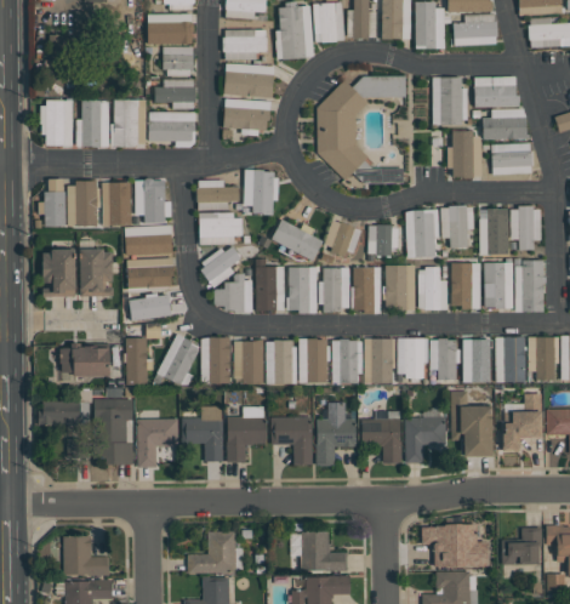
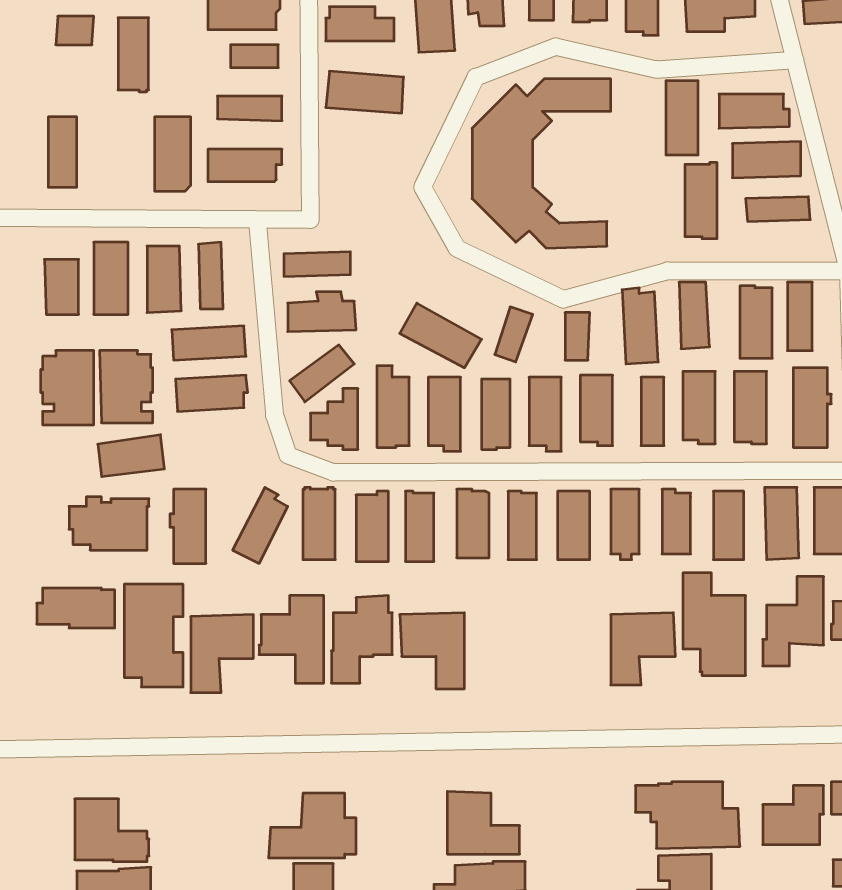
building: [81,99,101,147] -> [118,18,149,92]
building: [223,106,270,130] -> none
building: [251,170,270,212] -> none
building: [129,294,171,320] -> [98,435,164,477]
building: [315,401,355,466] -> none
building: [361,417,401,462] -> none

